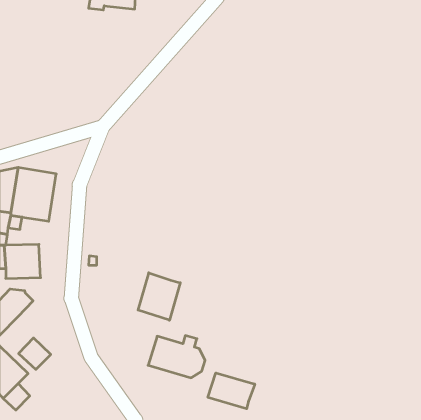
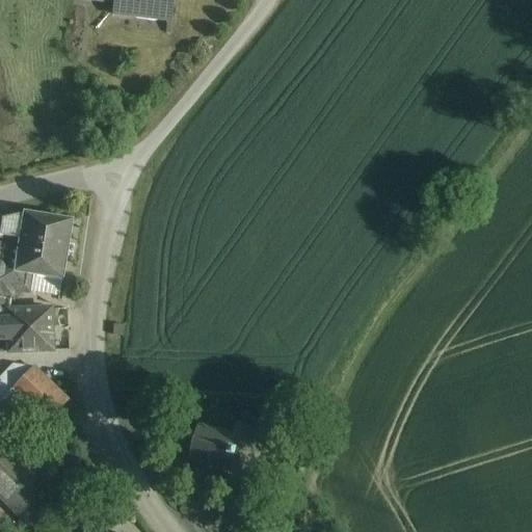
building: [138,273,180,320] -> none
building: [19,338,51,369] -> [23,377,63,417]
building: [208,373,255,409] -> none

